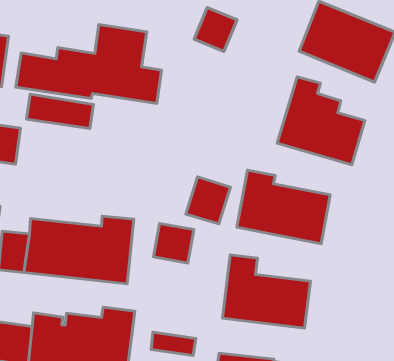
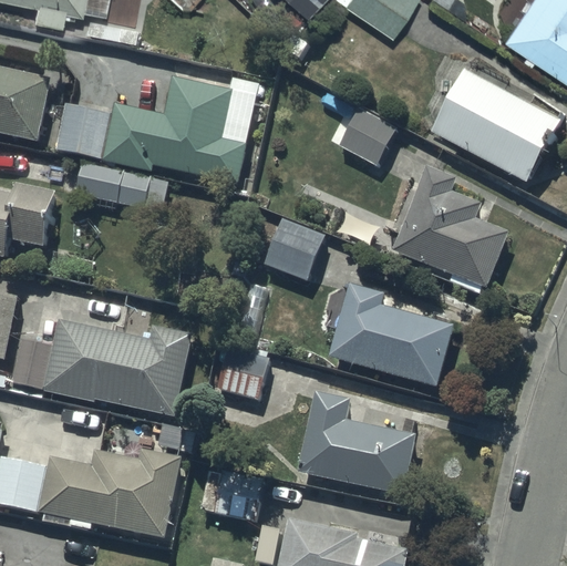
building: [194,7,237,52] -> [336,104,394,164]
building: [186,177,230,224] -> [261,216,323,280]

